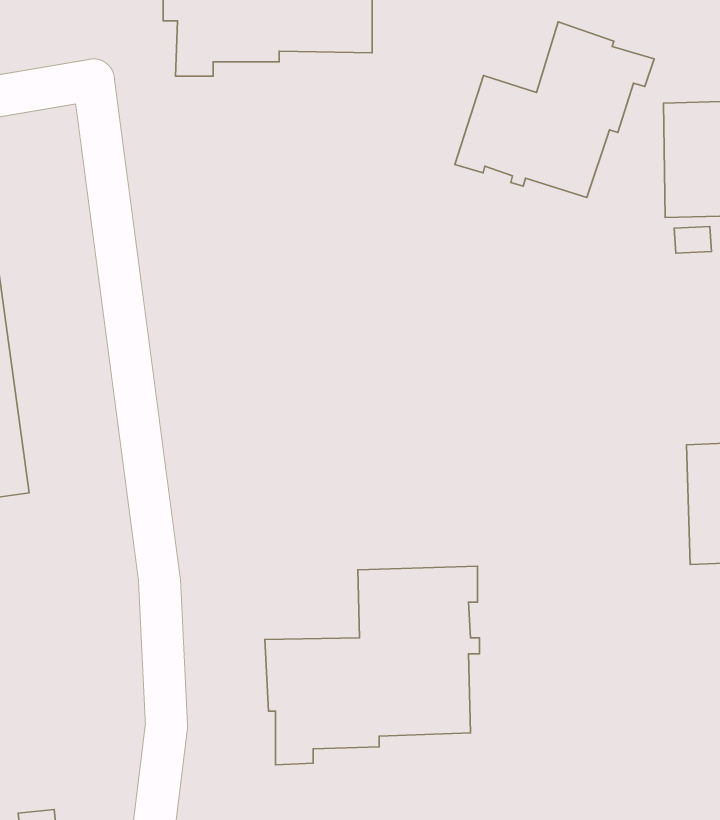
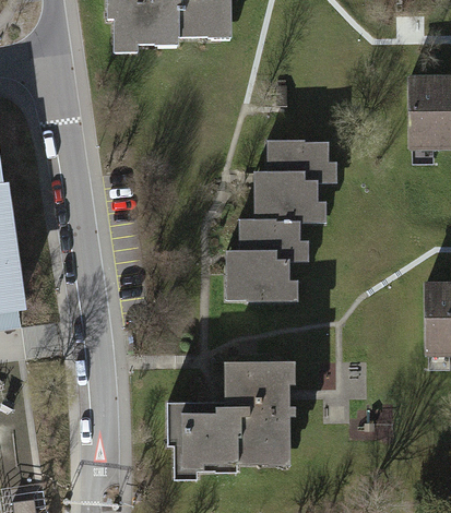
building: [455,22,654,197] -> none
building: none -> [227,138,337,298]

